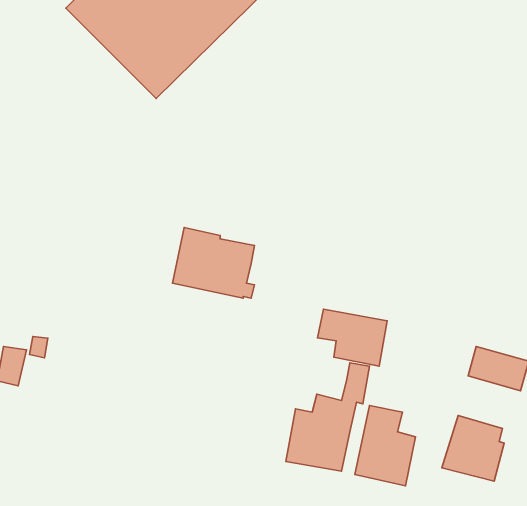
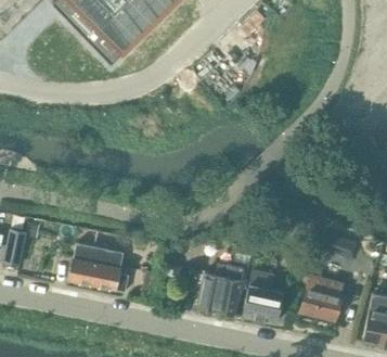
building: [173,227,255,298] -> [68,244,122,291]
building: [318,309,387,366] -> none

